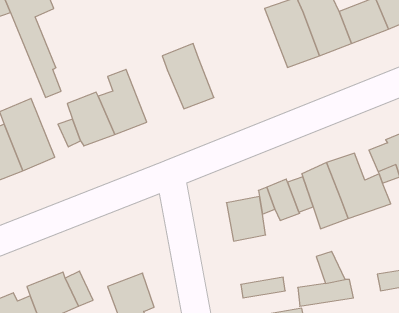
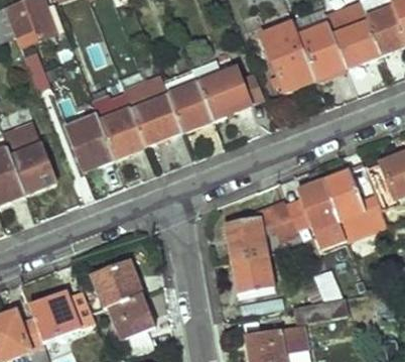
building: none -> [192,59,251,121]
building: none -> [121,70,183,145]
building: none -> [232,255,270,296]
building: none -> [95,262,143,307]

